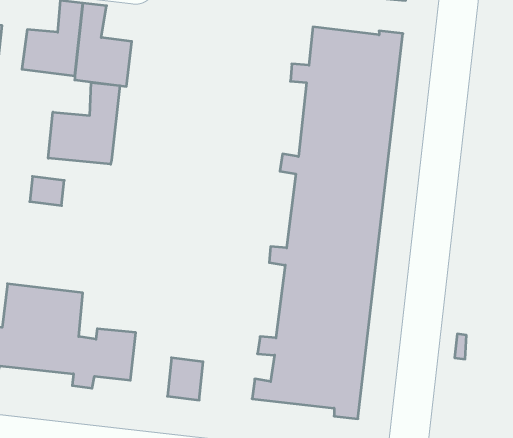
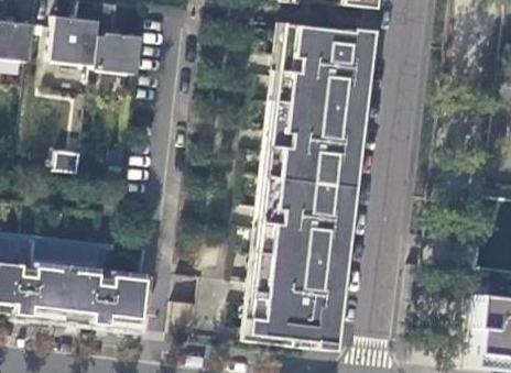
building: [48,82,120,164] -> none

